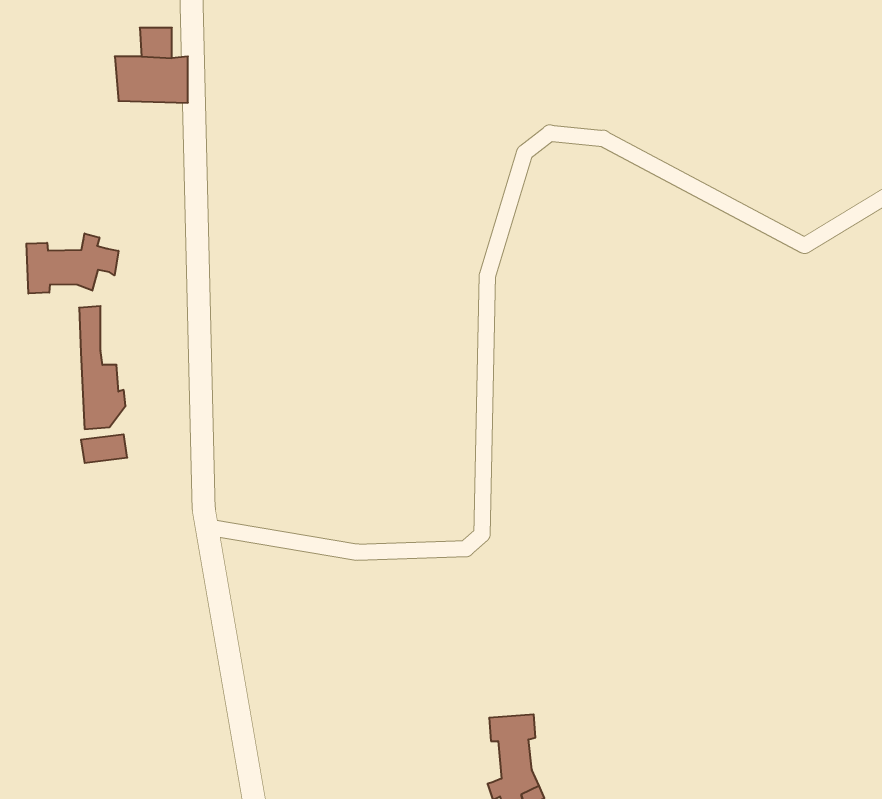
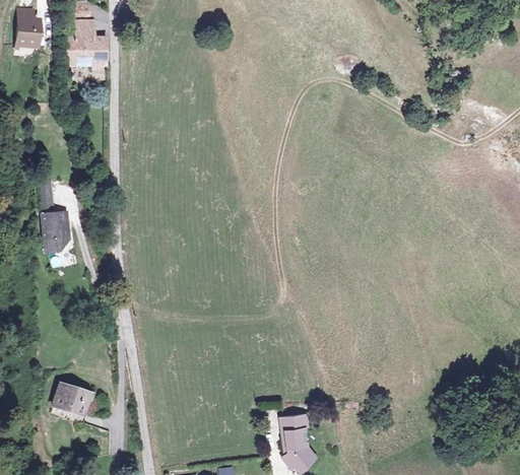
building: none -> [13,11,36,48]
building: [26,233,118,294] -> none
building: none -> [58,385,98,424]

